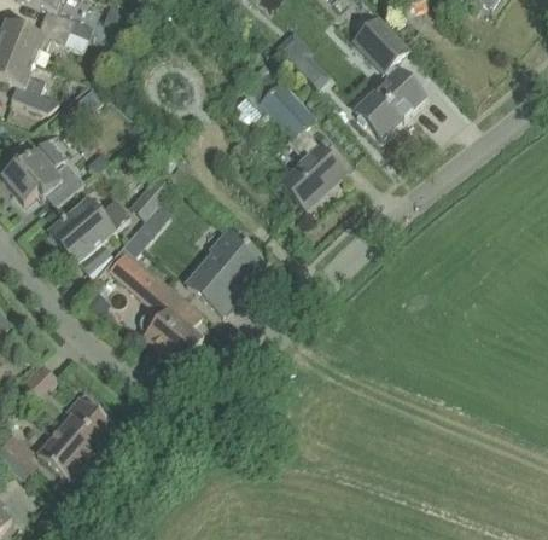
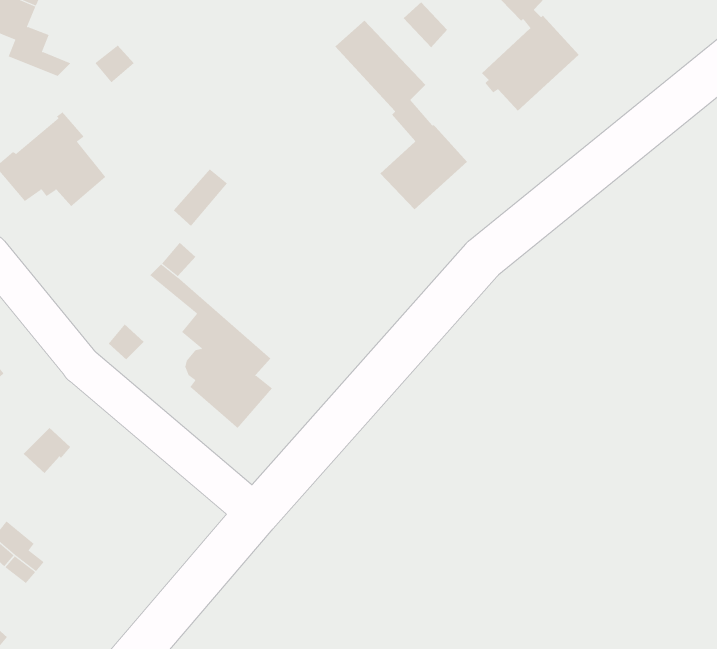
building: [48,198,129,263] -> none
building: [186,228,263,314] -> none
building: [37,395,118,481] -> none

